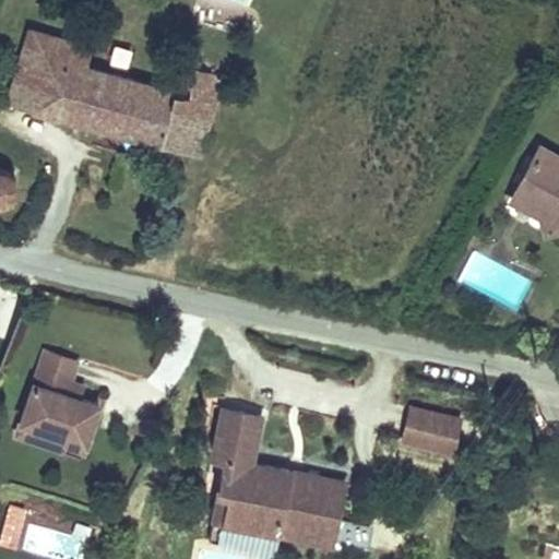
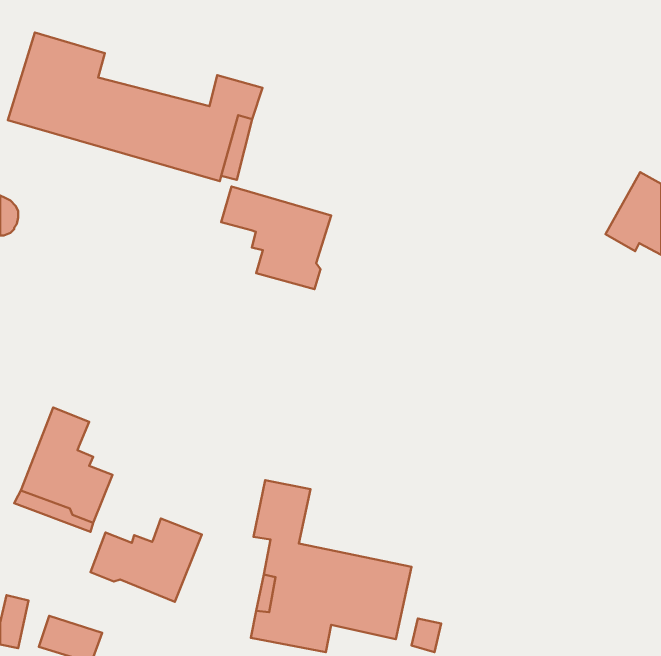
building: none -> [221,187,331,289]
building: [406,412,461,454] -> none
building: none -> [91,518,202,602]

